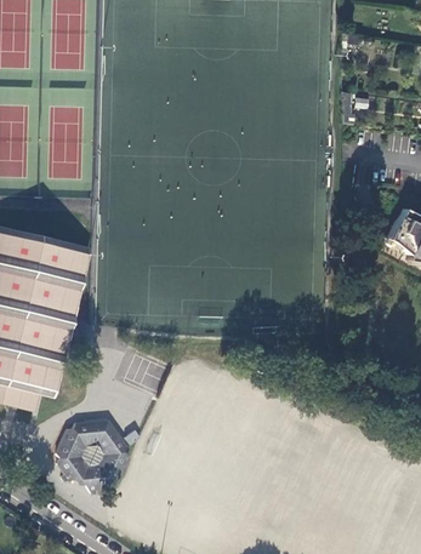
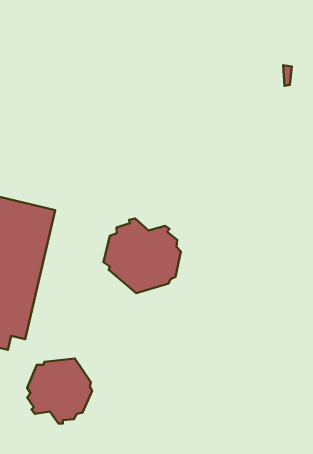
building: none -> [104,218,181,293]

